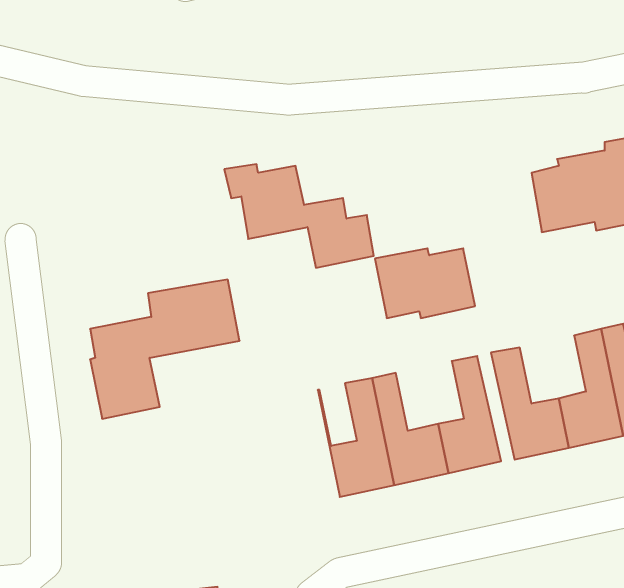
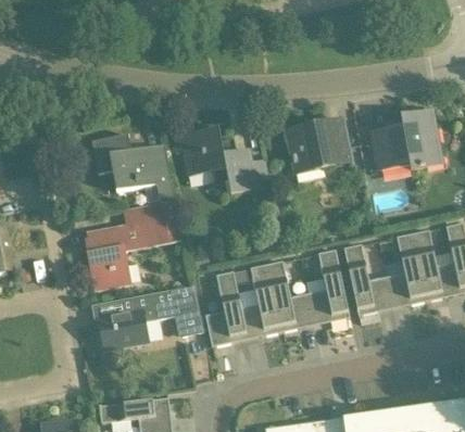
building: none -> [91,134,175,203]
building: [375,248,475,318] -> [287,124,351,168]
building: none -> [205,271,247,347]
building: none -> [100,285,202,348]

